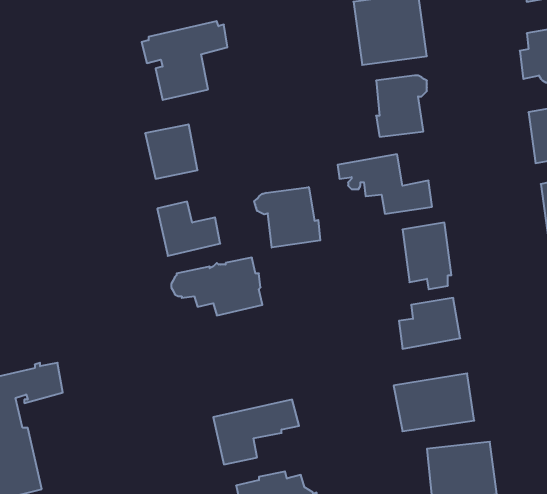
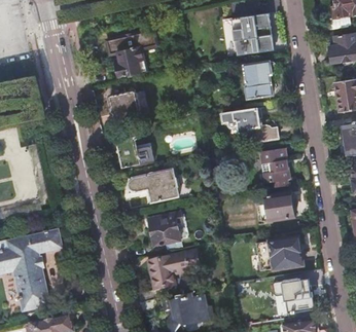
building: [254,187,320,248] -> none
building: none -> [148,212,188,247]

